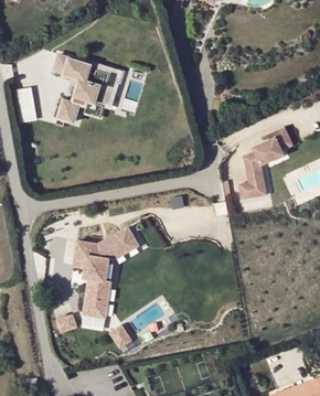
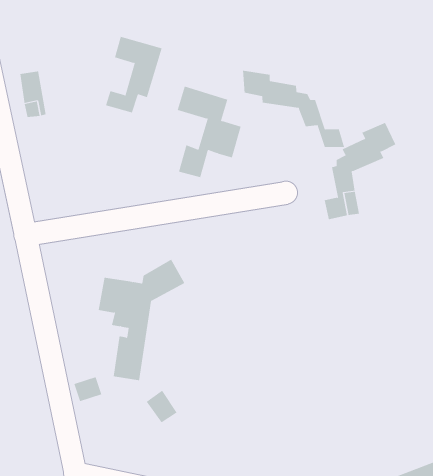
building: [53,55,100,122] -> [177,86,242,178]
building: none -> [242,70,345,148]

